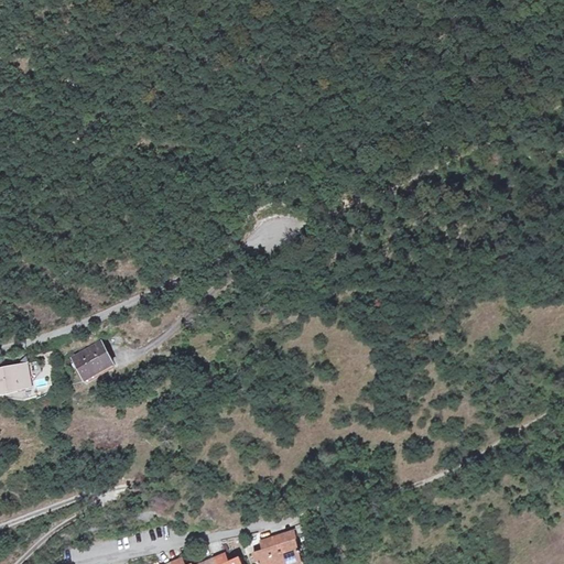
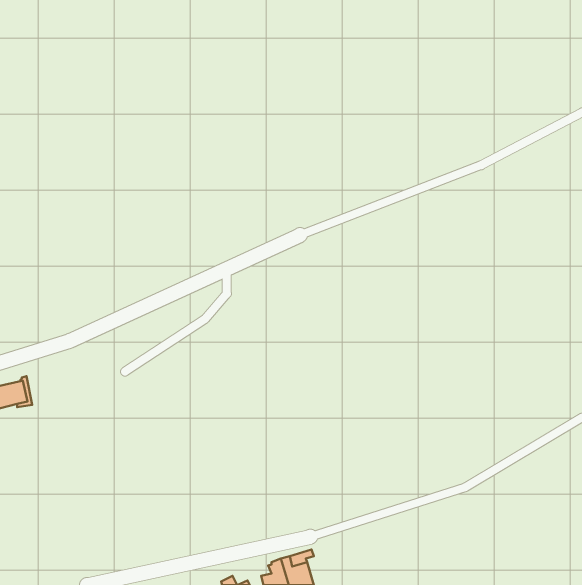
building: [70,343,110,380] -> none

